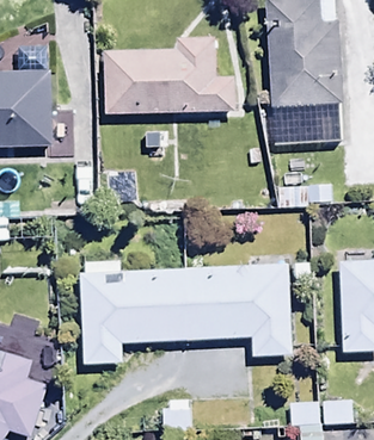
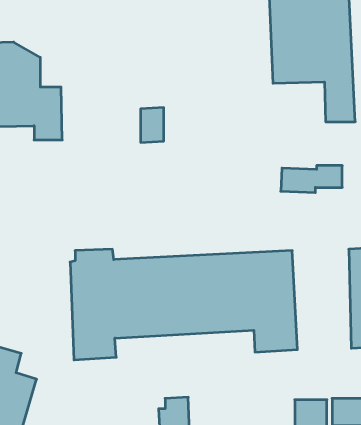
building: [104,36,237,113] -> none

